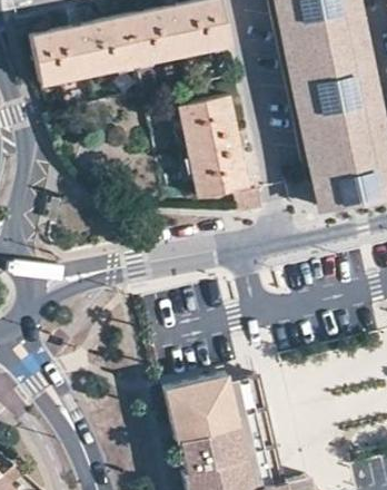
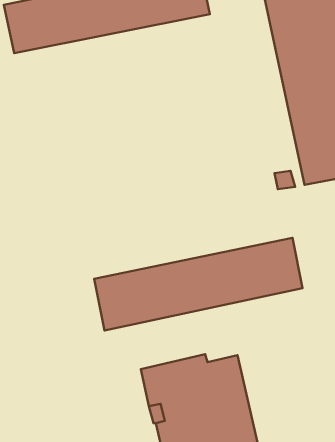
building: [178,102,247,204] -> none
building: none -> [94,238,302,330]

